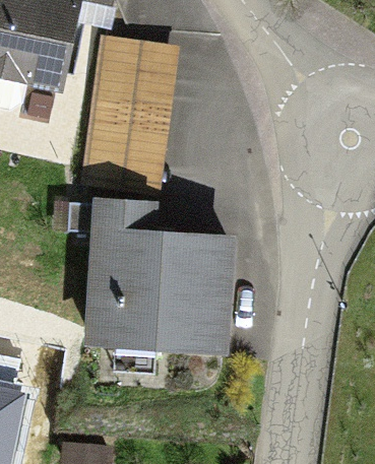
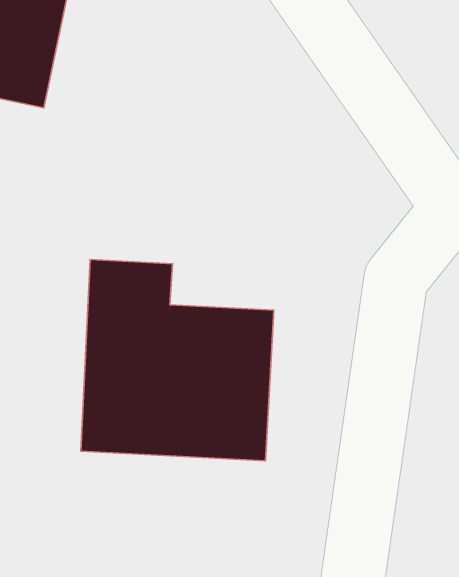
building: [83,37,178,192] -> none

